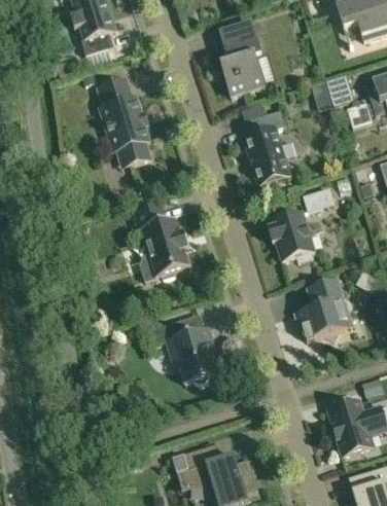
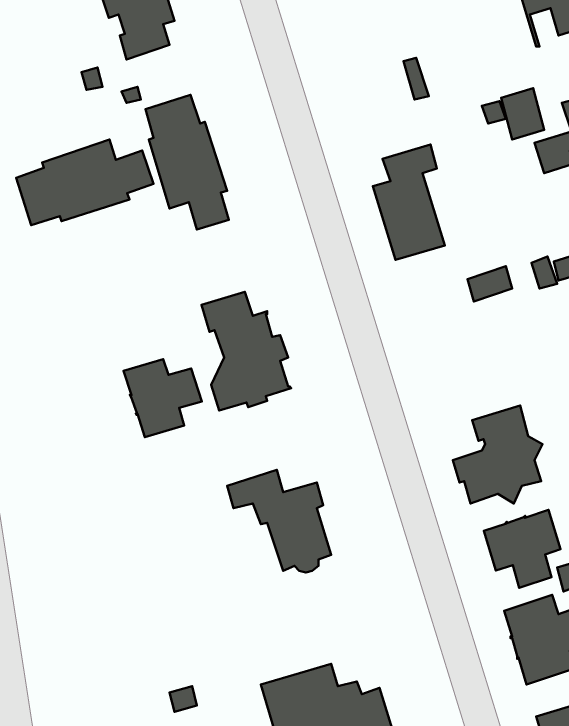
building: [212,24,263,97] -> none
building: none -> [16,140,154,225]
building: [268,211,315,261] -> none
building: none -> [124,359,202,437]
building: none -> [484,510,560,588]

